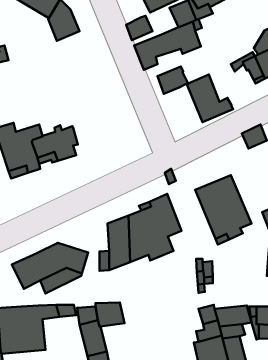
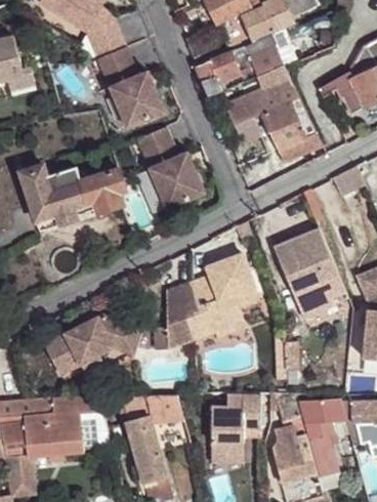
building: none -> [97,47,164,128]
building: none -> [255,66,297,114]
building: none -> [137,128,204,209]
building: none -> [213,395,261,446]

